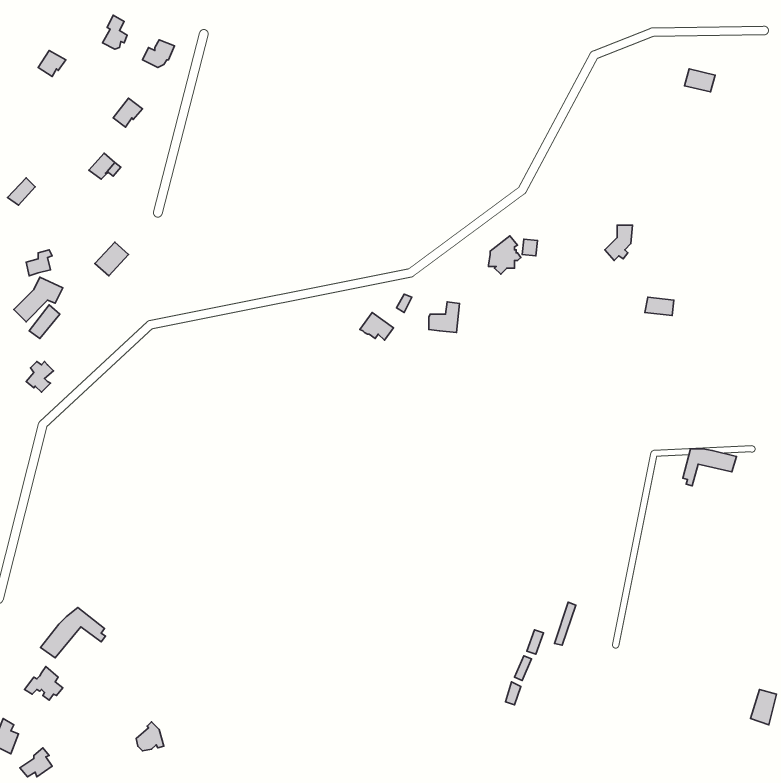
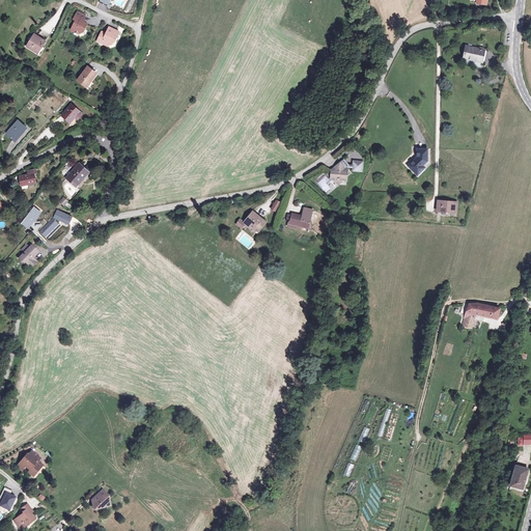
building: [14,277,63,322] -> [38,209,72,240]
building: [41,608,106,658] -> none

